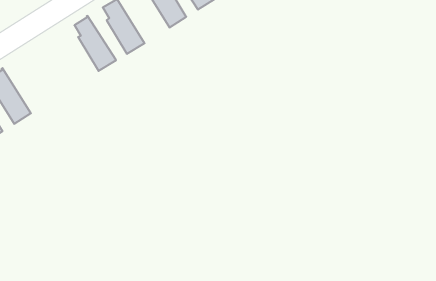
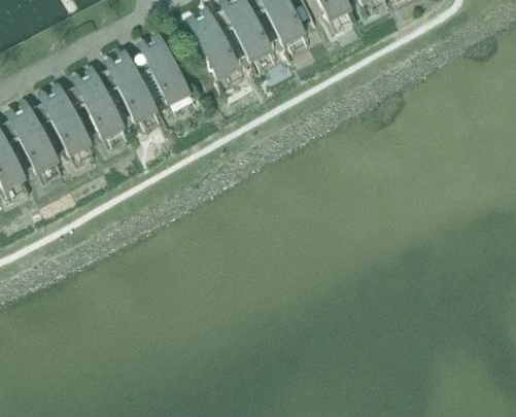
building: none -> [79,72,123,135]
building: none -> [46,90,90,151]

